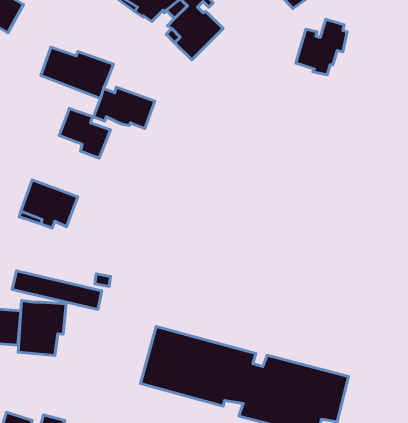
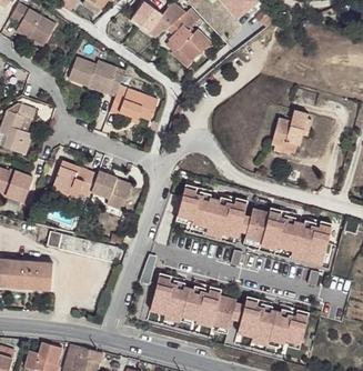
building: [296,19,347,75] -> [271,109,311,152]
building: [59,108,111,158] -> [91,170,131,209]
building: none -> [174,186,332,265]
building: [18,300,66,355] -> none

